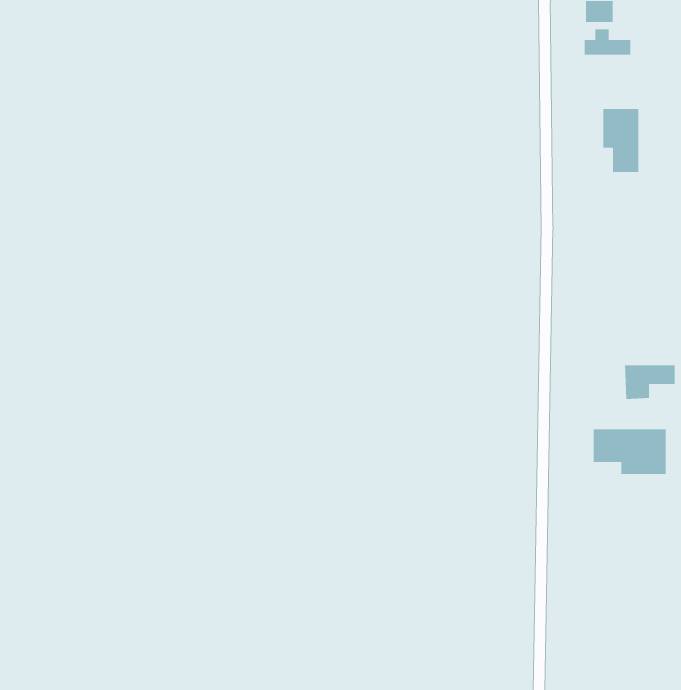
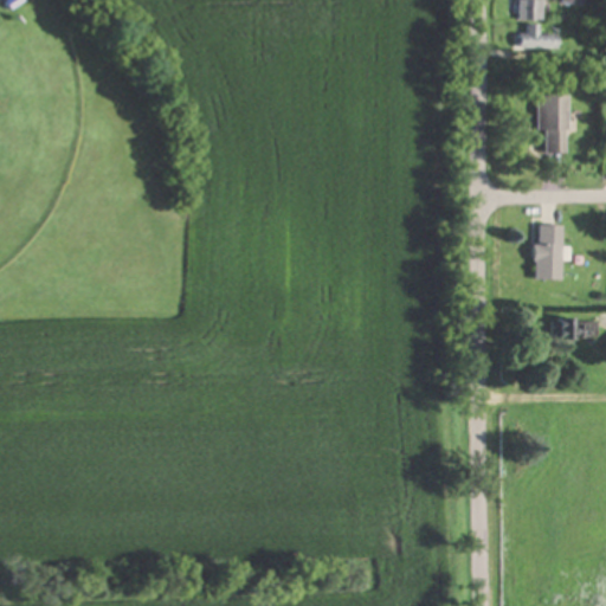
building: none -> [537,224,565,279]
building: [593,429,666,475] -> none

